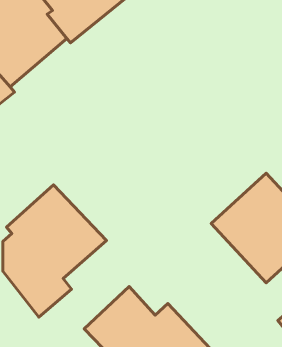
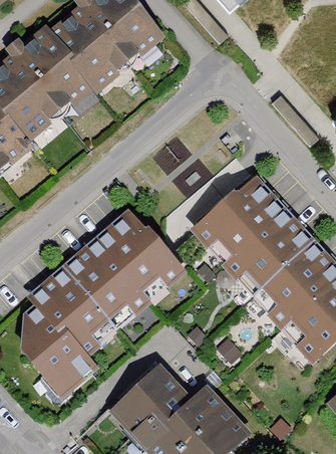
building: none -> [194,176,314,296]
building: none -> [77,211,187,315]

